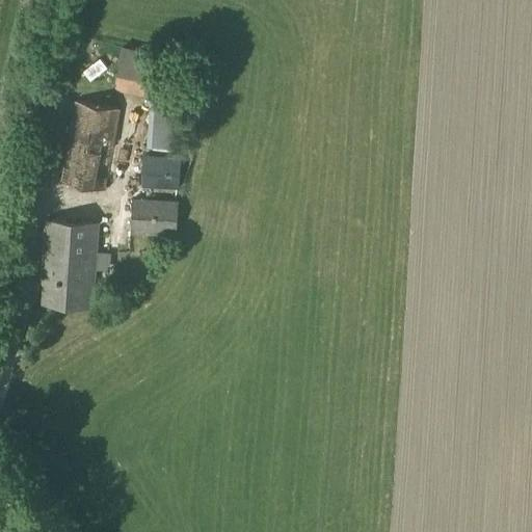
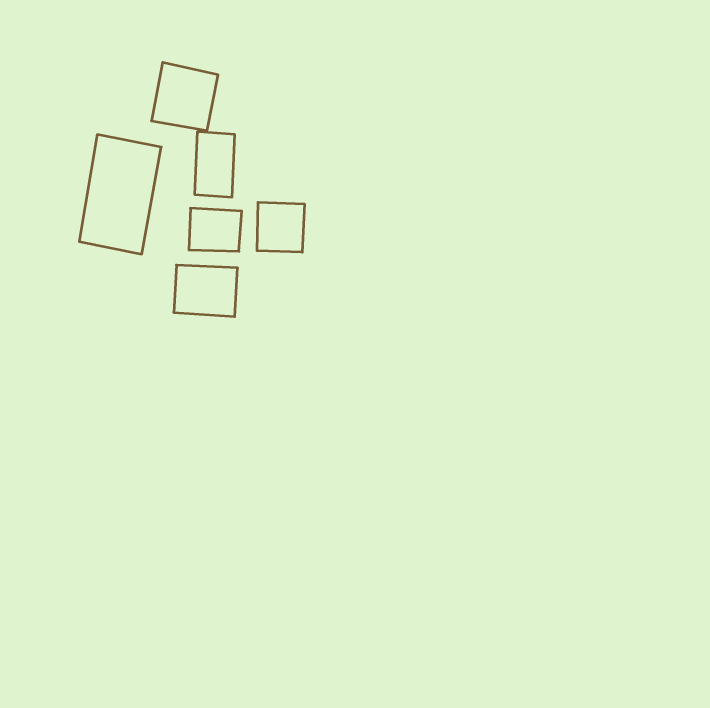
building: none -> [257,202,304,252]
building: [41,222,98,308] -> none

